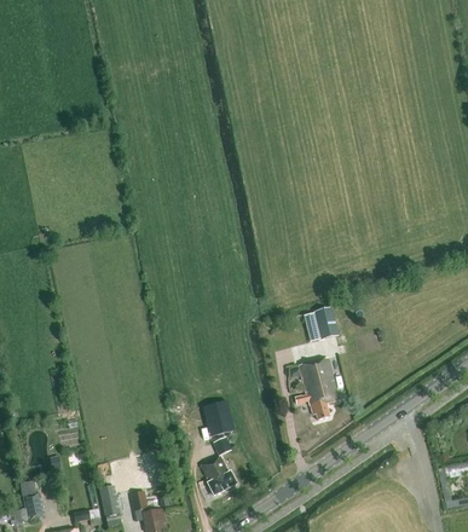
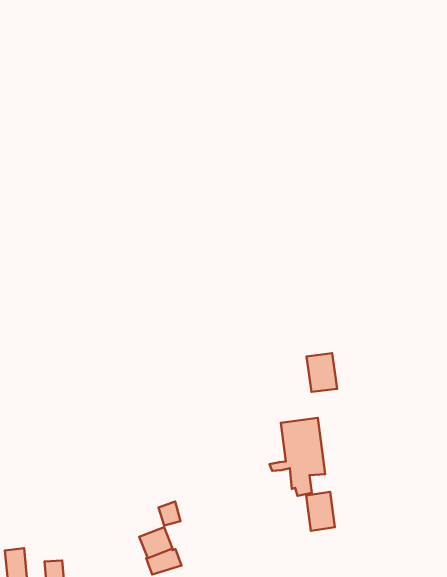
building: [201,398,233,433] -> none
building: none -> [306,492,335,531]

